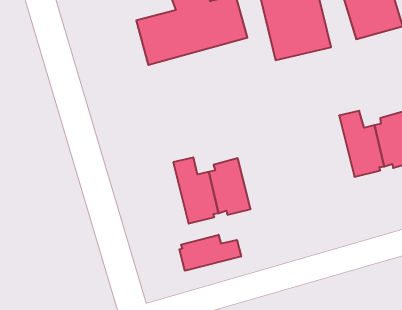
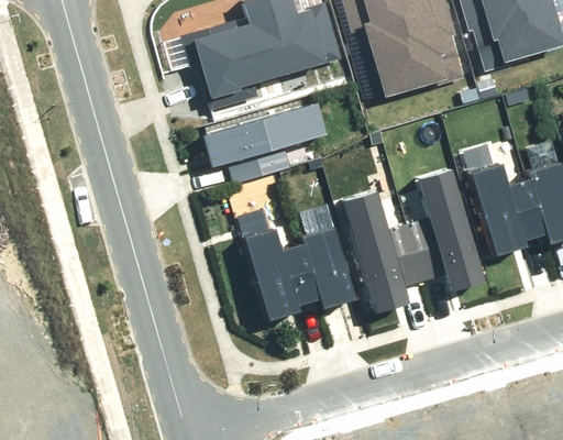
building: none -> [210,106,330,172]
building: none -> [412,172,477,284]
building: none -> [343,190,429,307]
building: [179,235,241,271] -> none

